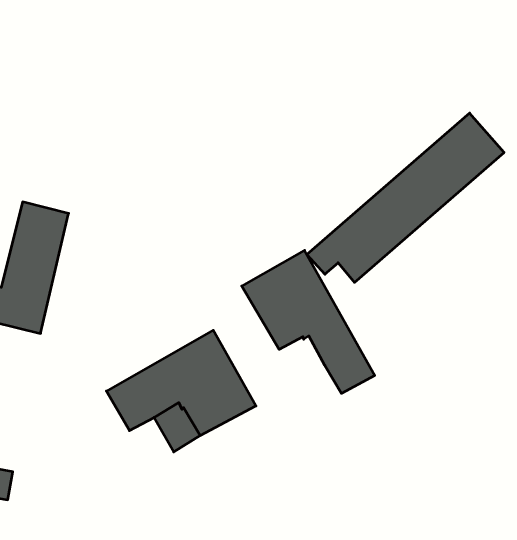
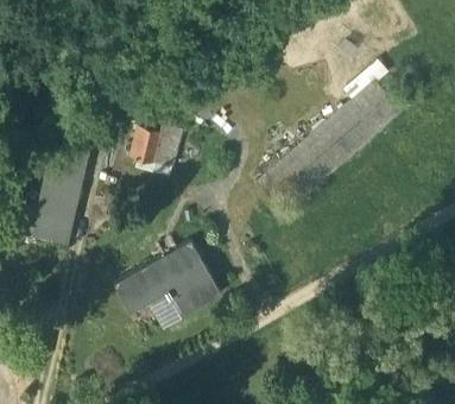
building: none -> [132,120,182,168]
building: [242,250,375,393] -> none

